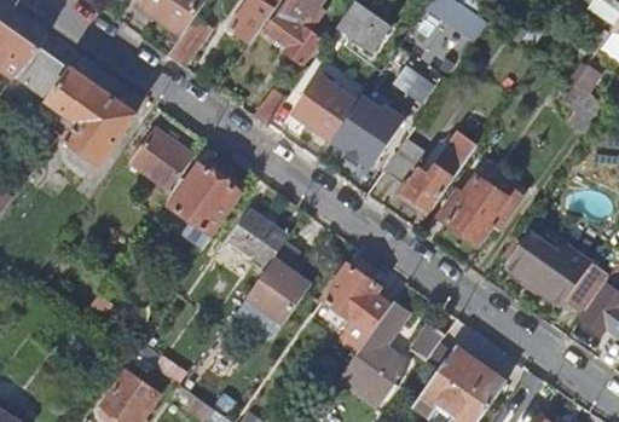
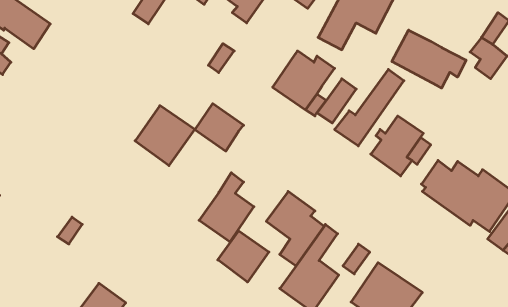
building: [47,68,134,163] -> none
building: none -> [392,30,466,88]
building: [293,76,357,141] -> none
building: [131,129,191,189] -> none
building: [231,209,288,265] -> [195,104,244,151]
building: none -> [218,231,269,282]

